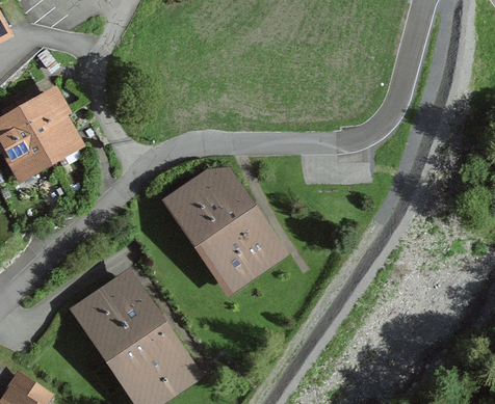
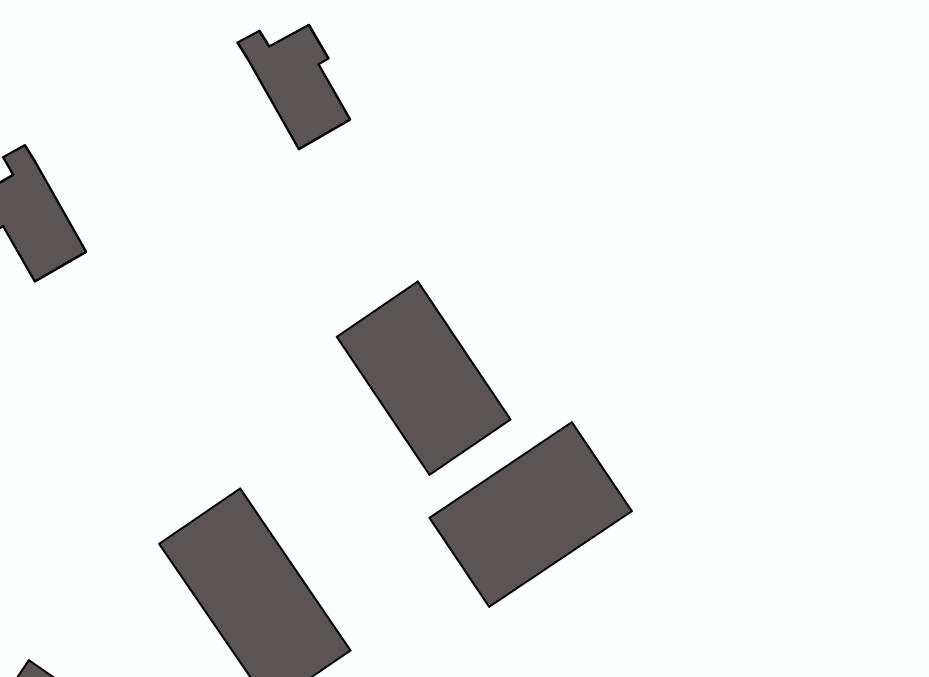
building: [17,95,76,160] -> [238,25,350,149]
building: none -> [429,422,632,607]

